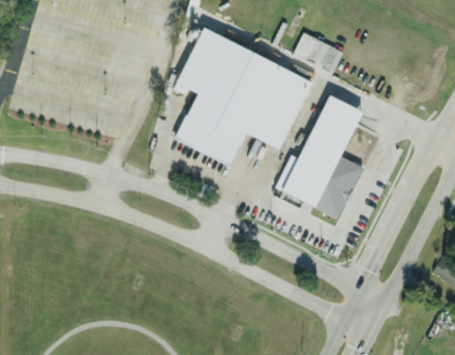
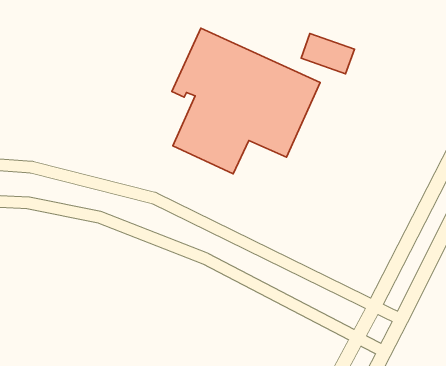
building: [275,95,362,217] -> none

